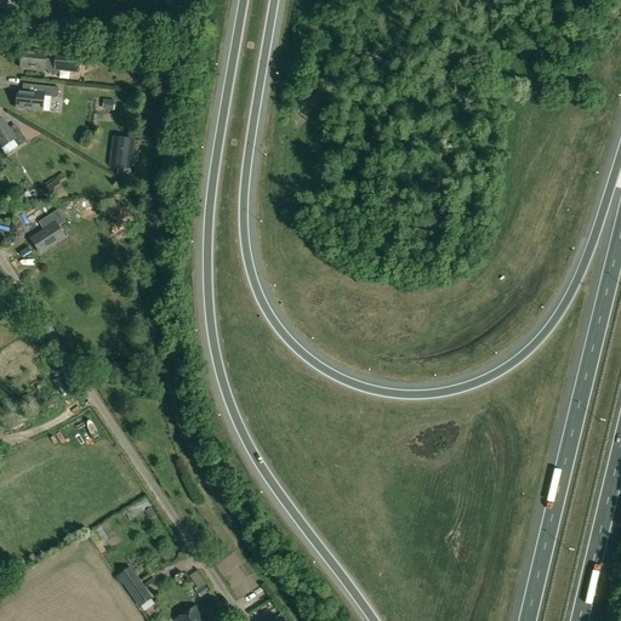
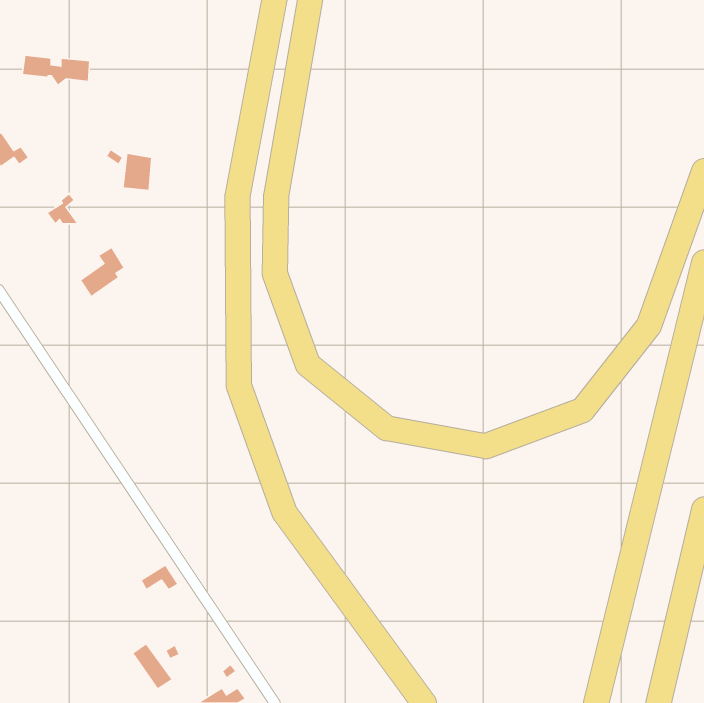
building: [15,84,57,109] -> none
building: [29,209,68,252] -> [80,247,124,297]

